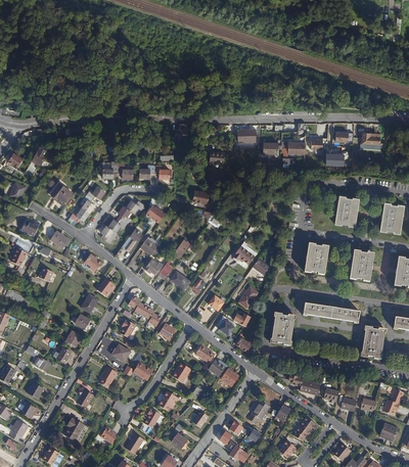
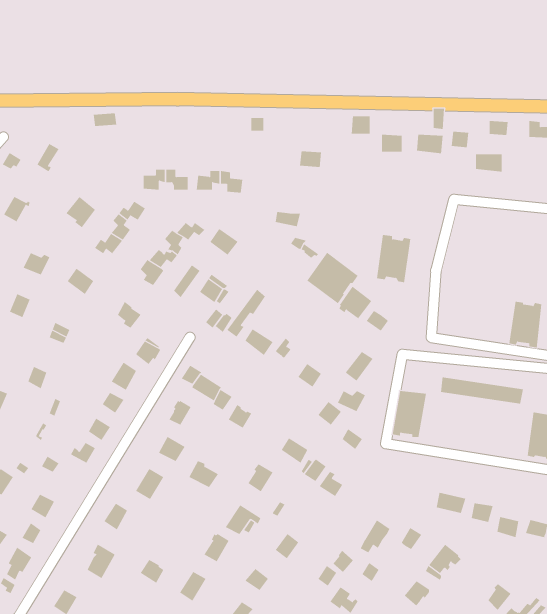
building: [333,197,357,229] -> none
building: none -> [306,252,358,304]
building: [304,245,327,278] -> [376,234,411,283]

